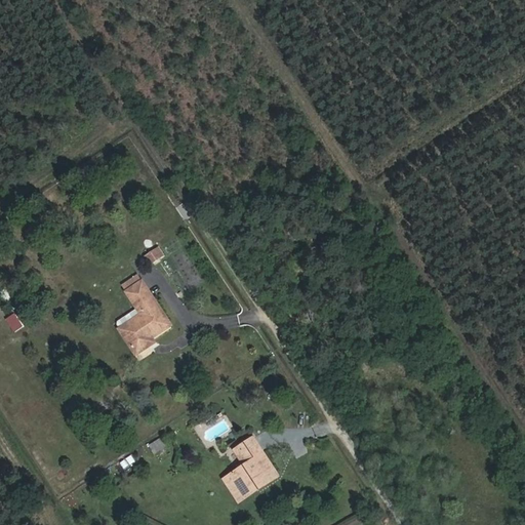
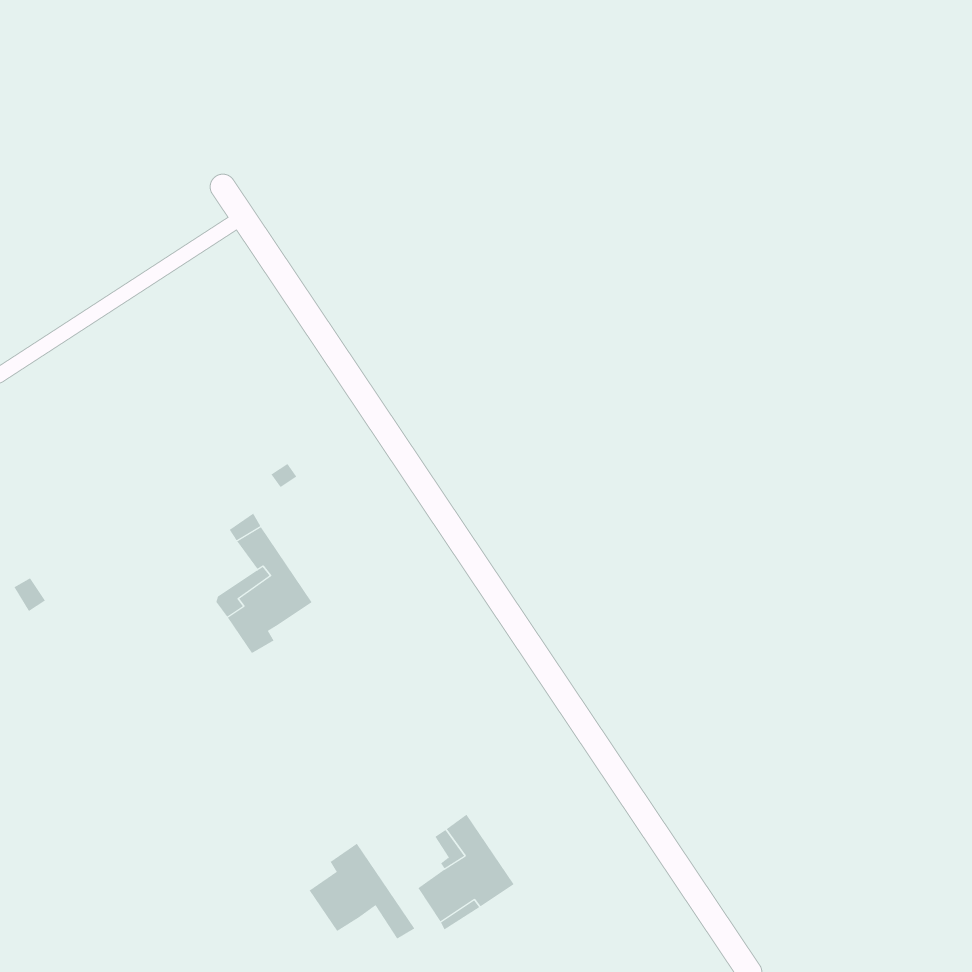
building: none -> [309,843,415,940]

